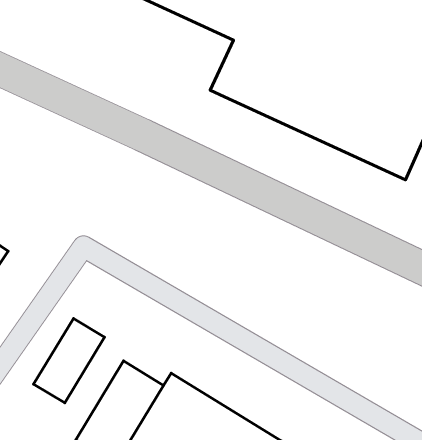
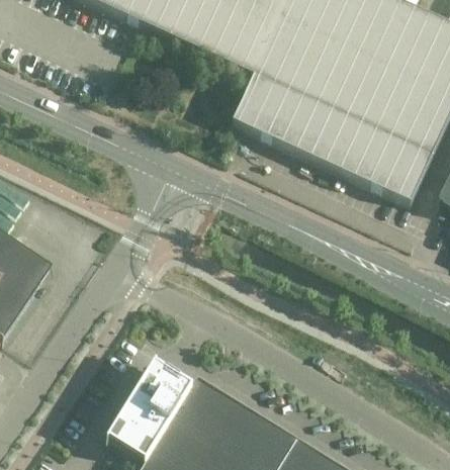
building: [34,318,105,403] -> none

